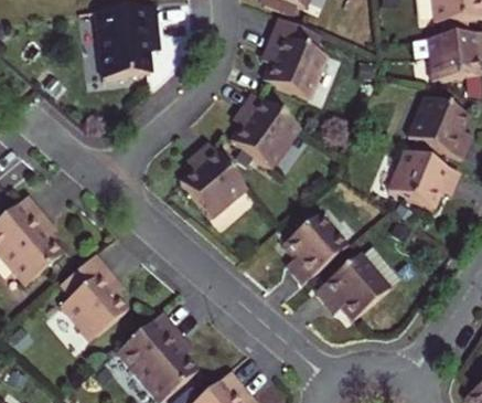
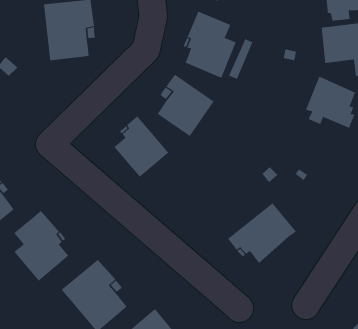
building: [387,150,458,209] -> none
building: [281,213,345,284] -> none

